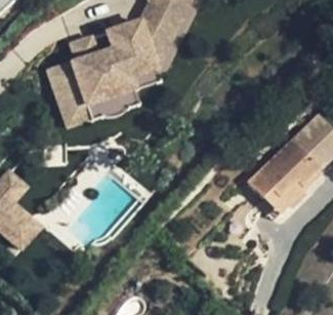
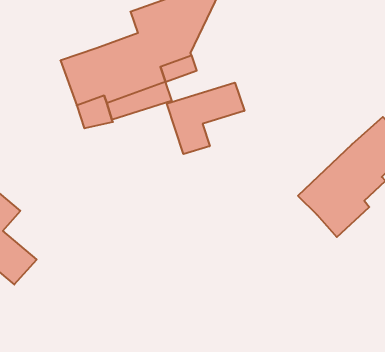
building: none -> [167,83,244,154]

